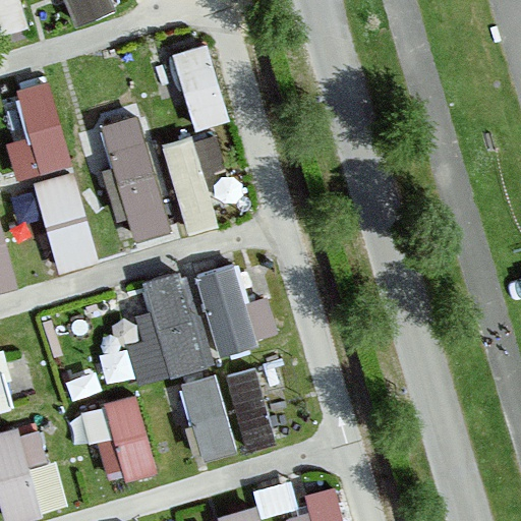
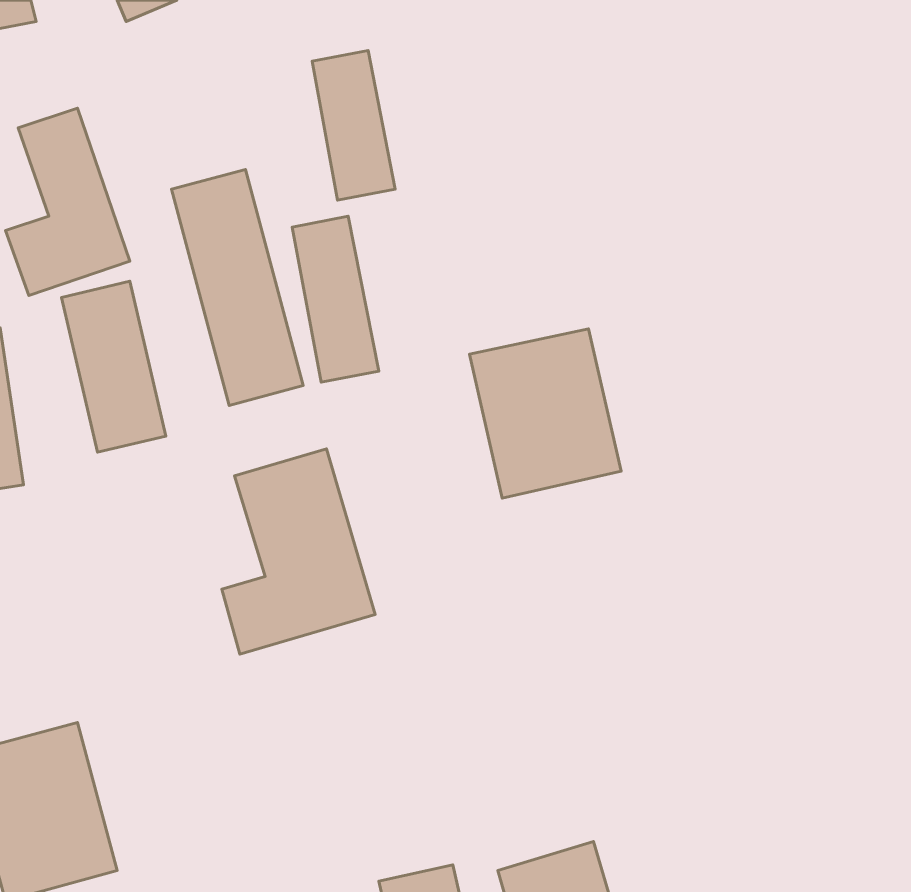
building: [193,257,279,353] -> [470,329,621,498]
building: [174,361,275,462] -> none
building: [104,398,146,477] -> none

